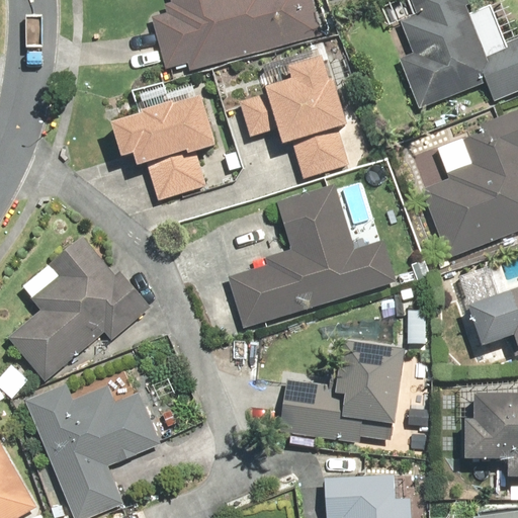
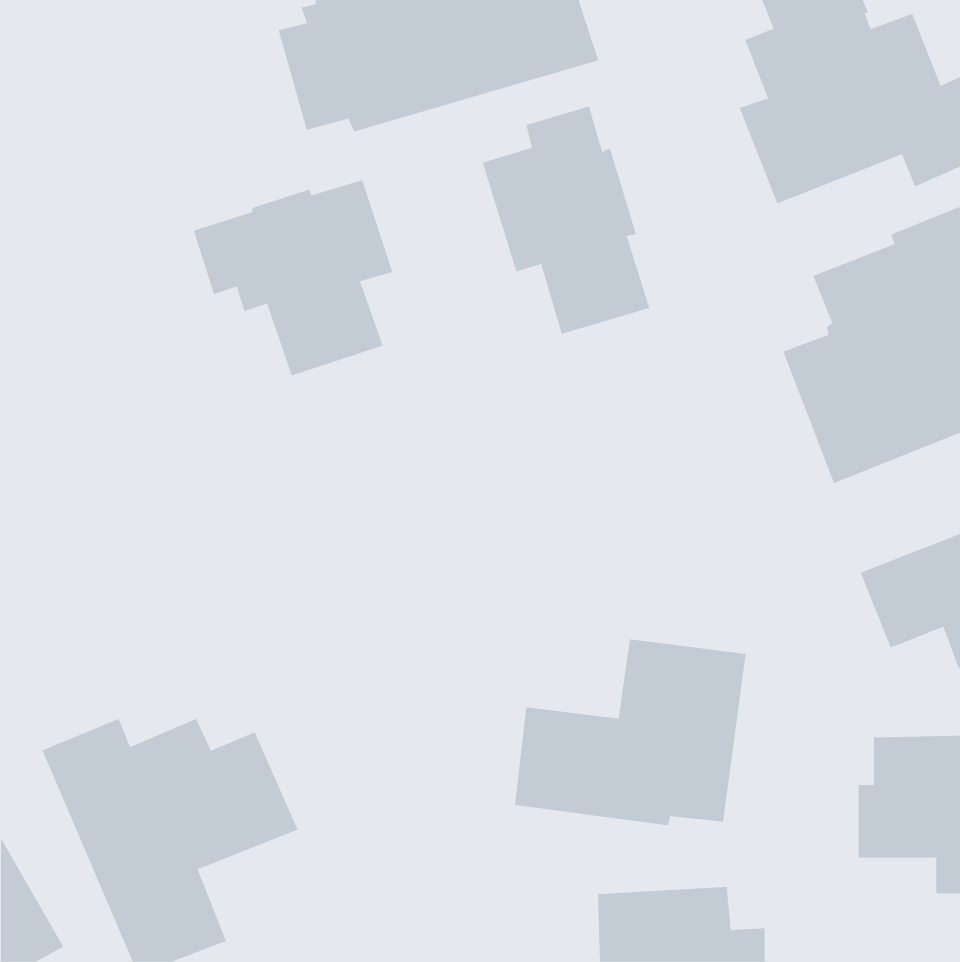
building: [229,183,398,328] -> none
building: [8,235,151,382] -> none

